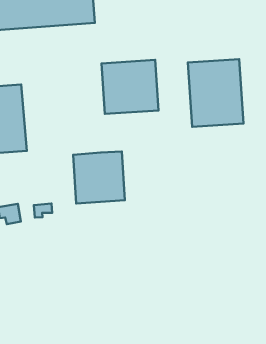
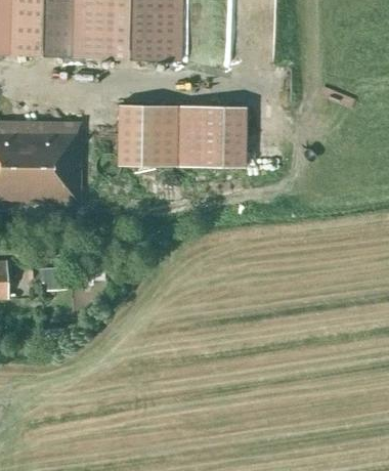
building: [188,59,244,127] -> none
building: [73,152,125,203] -> [119,105,179,166]

